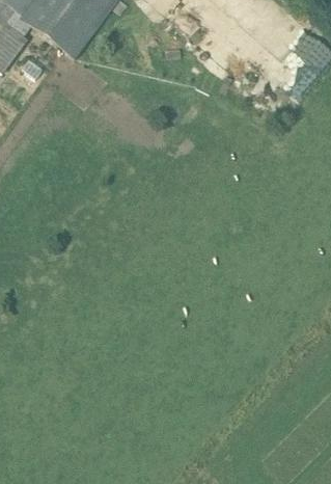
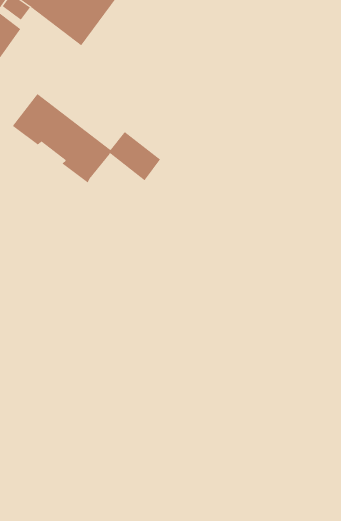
building: none -> [13,93,161,183]

